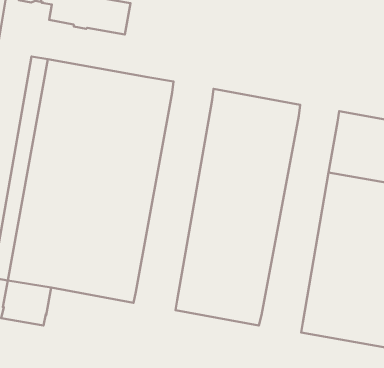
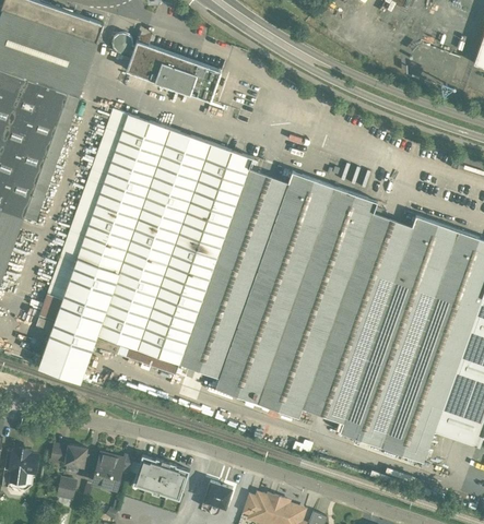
building: none -> [179,169,288,380]
building: none -> [303,214,412,424]

